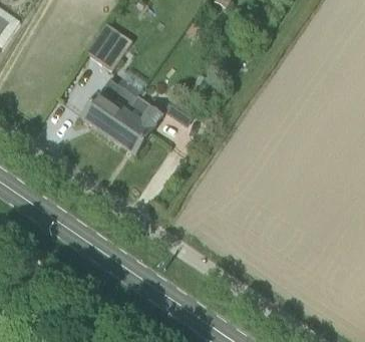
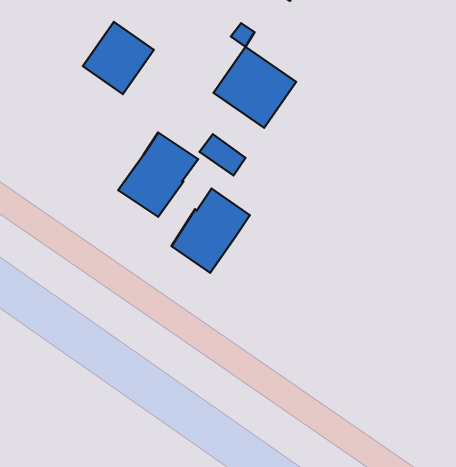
building: none -> [214,47,296,128]
building: [83,77,136,134] -> [172,188,250,273]

